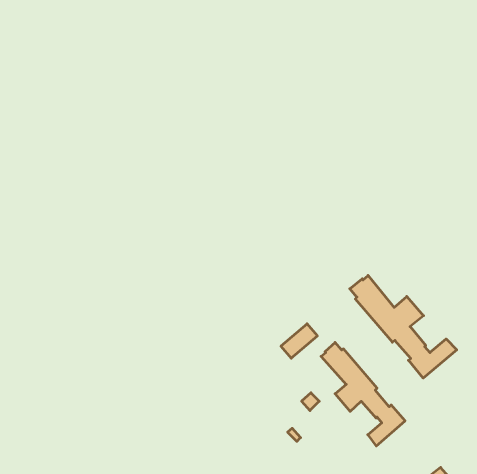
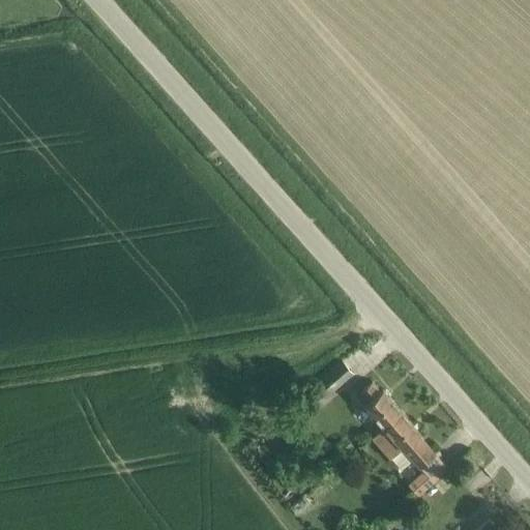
building: [350,275,457,378] -> none

